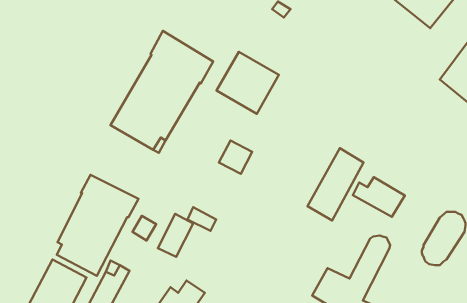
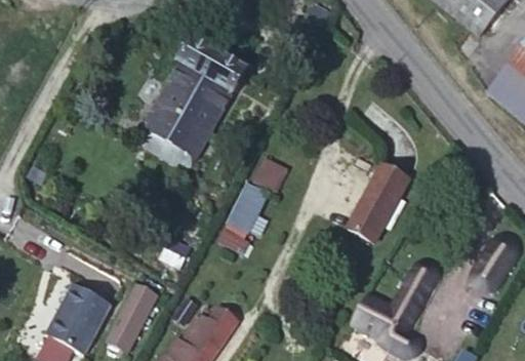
building: [217,52,279,114] -> none
building: [57,175,139,276] -> none
building: [353,177,405,217] -> none
building: [158,214,193,257] -> [229,185,267,231]

